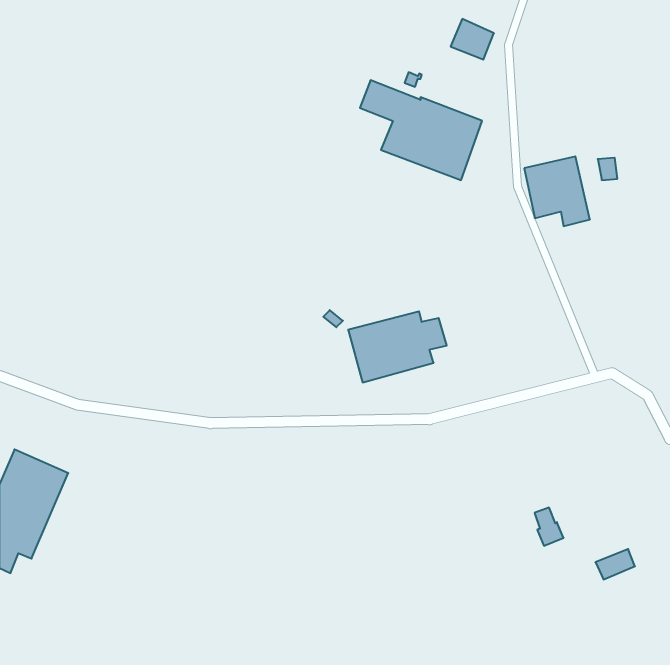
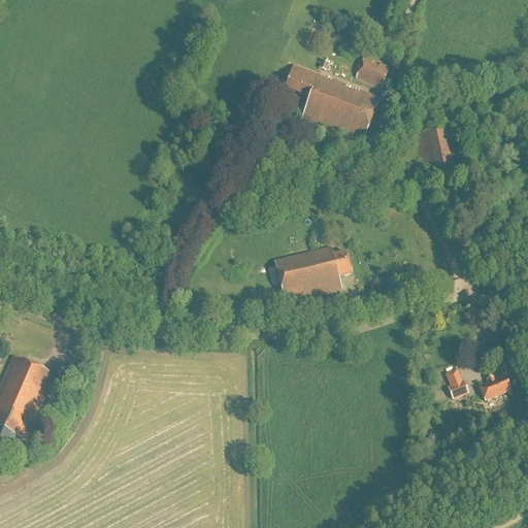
building: [451,19,494,60] -> [355,54,389,86]
building: [535,508,564,546] -> [444,367,467,397]
building: [595,549,635,579] -> [477,373,508,397]

